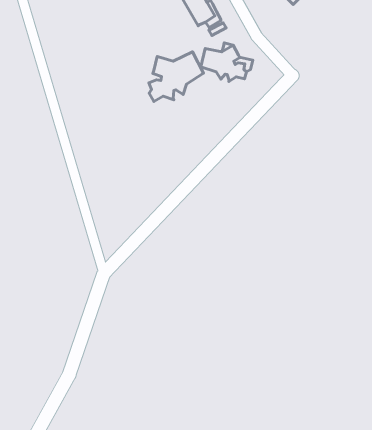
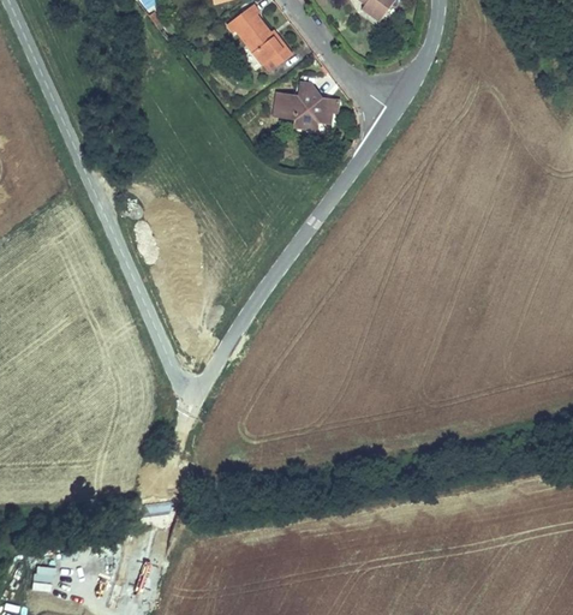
building: [149,52,204,102] -> none

